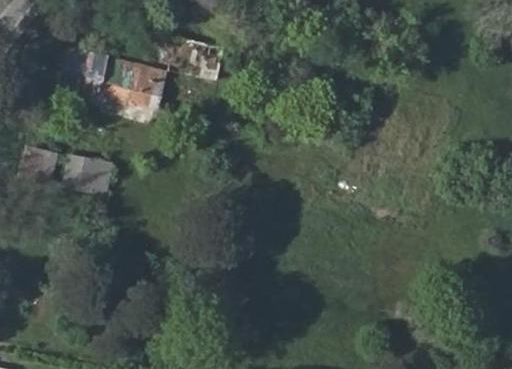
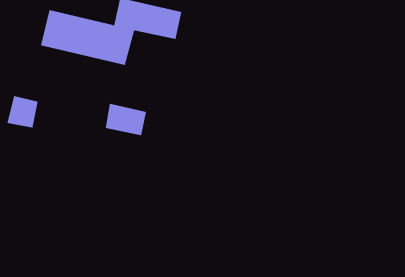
building: [63,156,112,194] -> [105,103,147,136]

